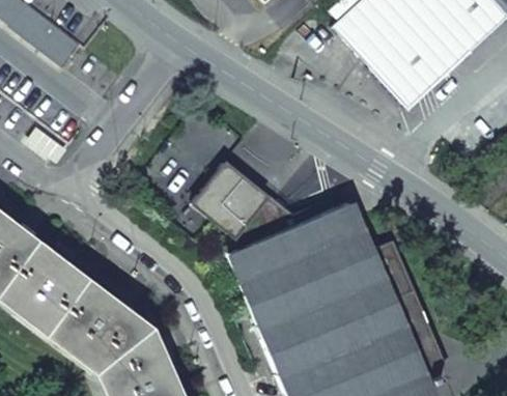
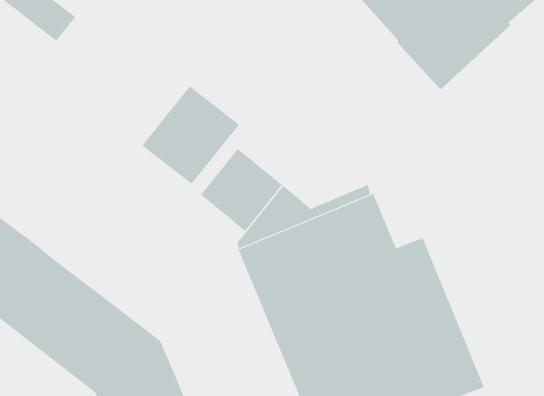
building: none -> [142,86,240,185]

